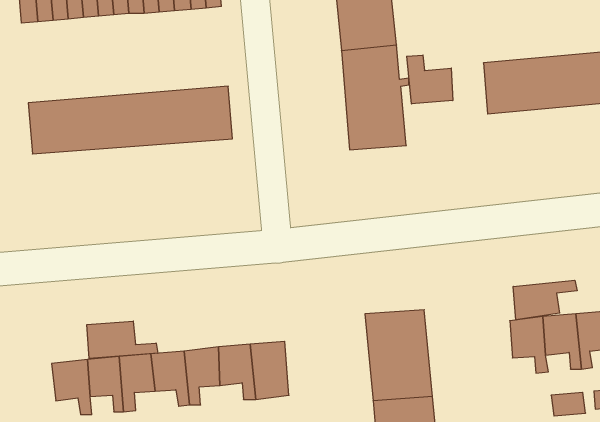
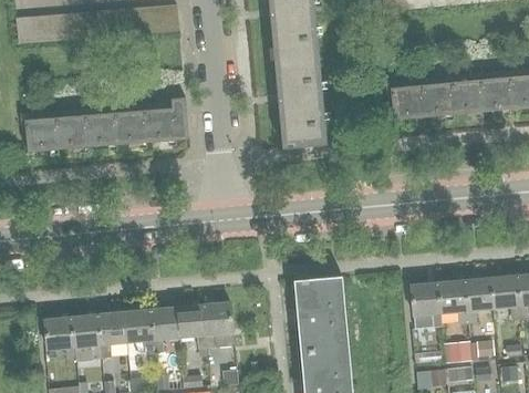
building: [407,55,453,104] -> none
building: [513,280,577,320] -> none
building: [87,321,158,358] -> none

